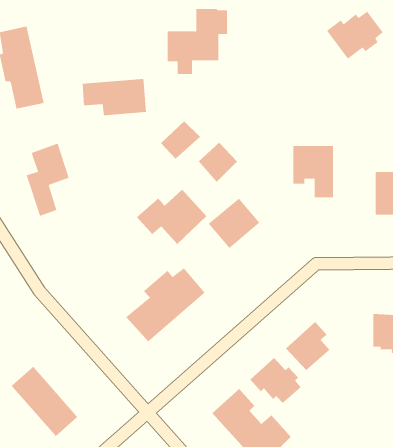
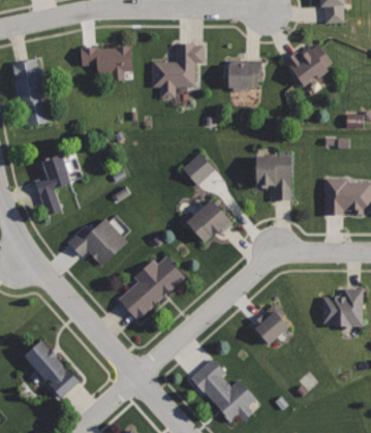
building: none -> [227,59,260,91]
building: [82,79,147,116] -> [80,43,133,74]
building: [160,121,201,160] -> none
building: [136,189,207,245] -> [67,218,126,265]
building: [250,357,301,404] -> none

